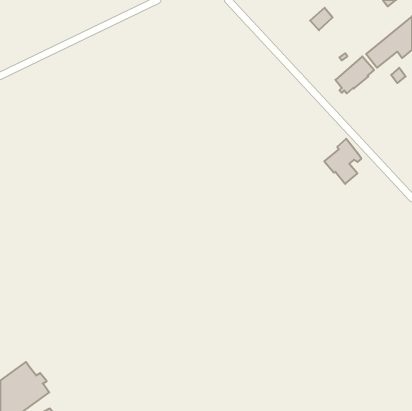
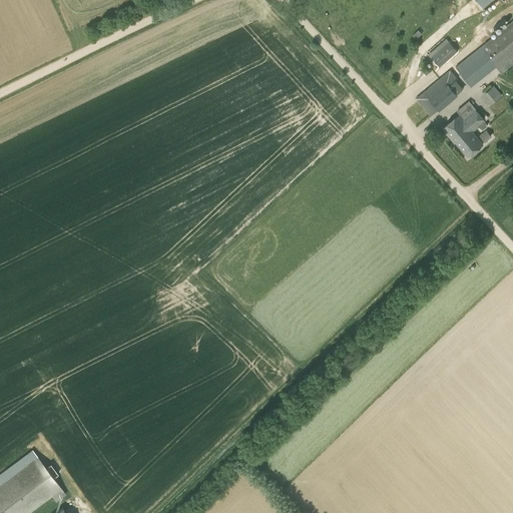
building: [310,8,333,30] -> [431,42,459,70]
building: [324,139,361,184] -> [442,102,488,158]

